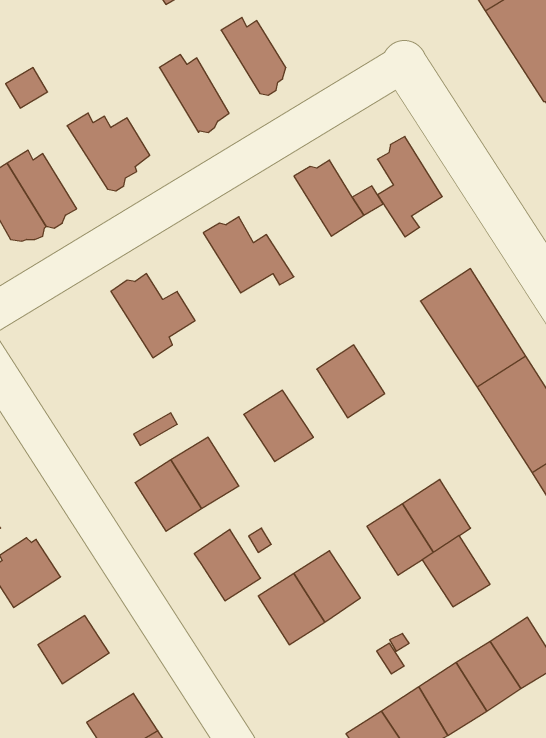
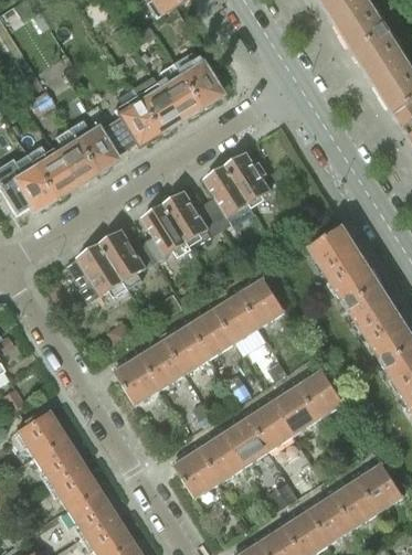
building: none -> [157,64,200,120]
building: none -> [109,89,158,149]
building: none -> [52,129,96,185]
building: [377,136,442,237] -> [204,163,249,232]
building: none -> [142,202,190,262]
building: none -> [66,242,127,302]
building: none -> [215,295,260,341]
building: none -> [165,325,210,374]
building: [194,529,261,601] -> [175,449,220,498]
building: [422,535,490,607] -> [247,402,294,450]
building: none -> [32,436,81,482]
building: none -> [65,488,114,535]

